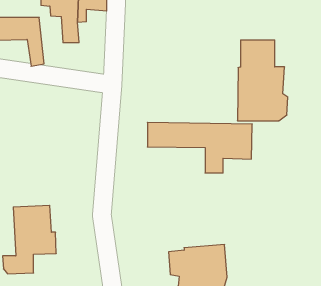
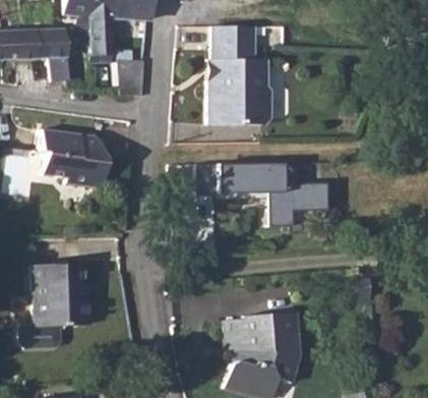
building: [237,40,288,121] -> [205,26,268,127]
building: none -> [118,59,145,97]
building: none -> [40,127,105,187]

